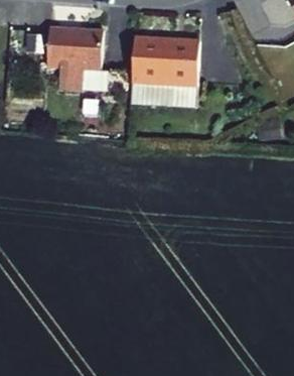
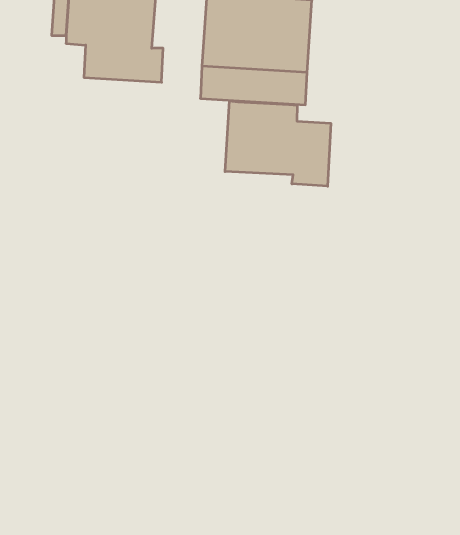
building: none -> [225,101,331,186]

